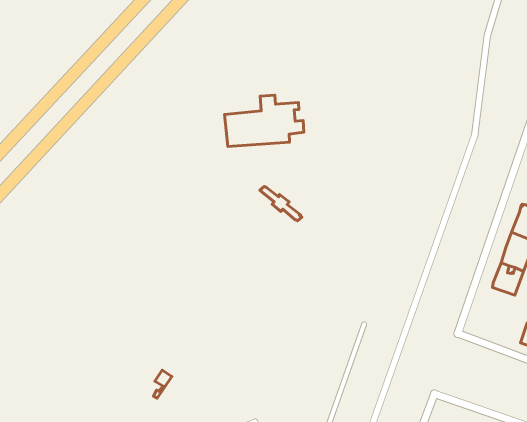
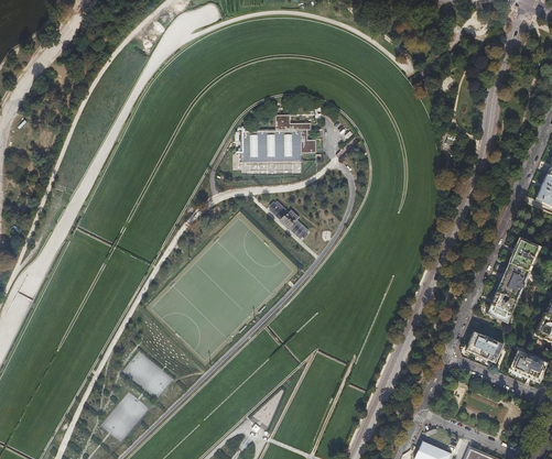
building: none -> [465,332,504,364]

